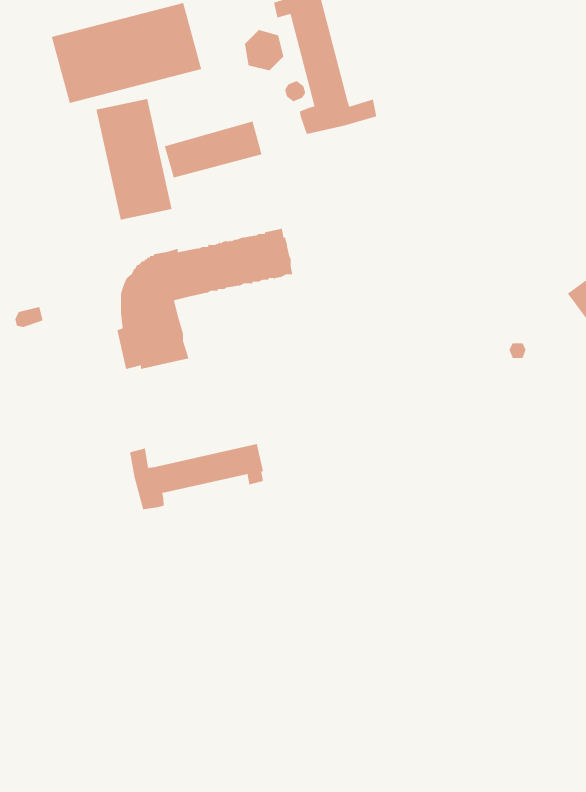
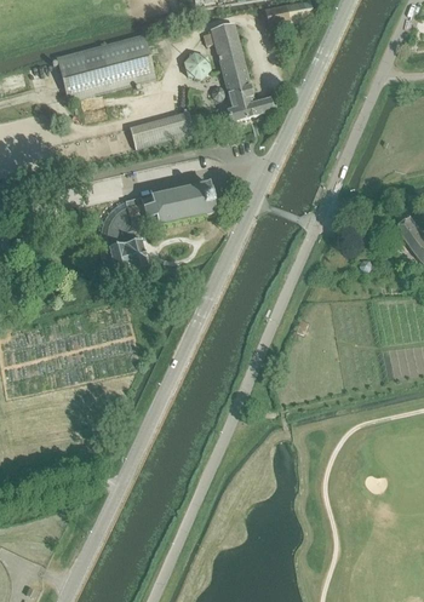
building: [95,98,173,220] -> none
building: [129,443,264,510] -> none

